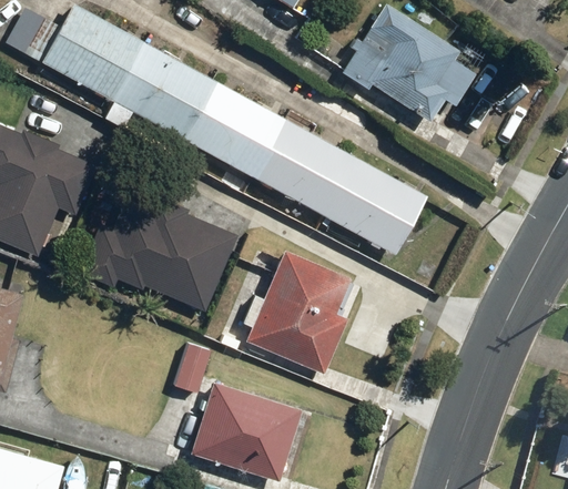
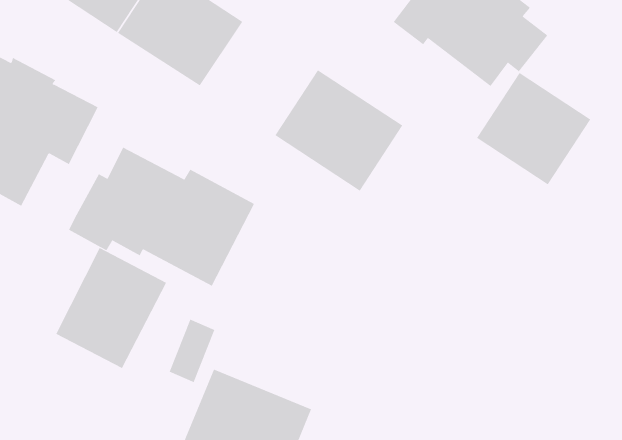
building: [184,83,283,177] -> none
building: [327,161,424,255] -> [476,72,591,185]
building: [245,252,351,374] -> none
building: none -> [55,247,167,369]

